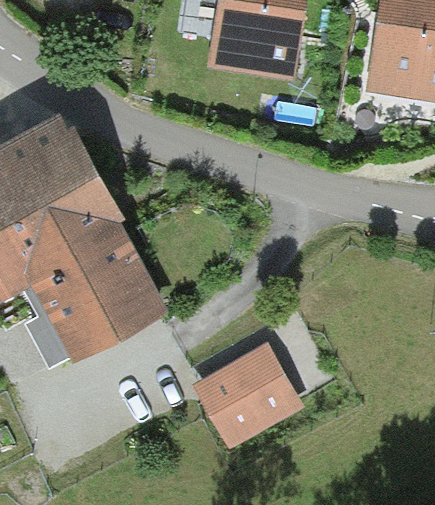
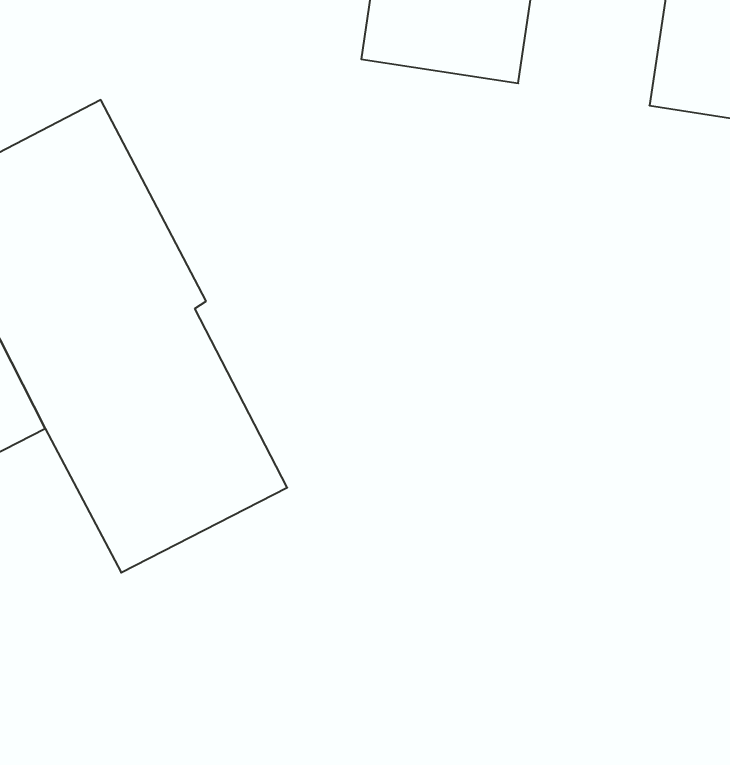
building: [192,343,300,448] -> none

